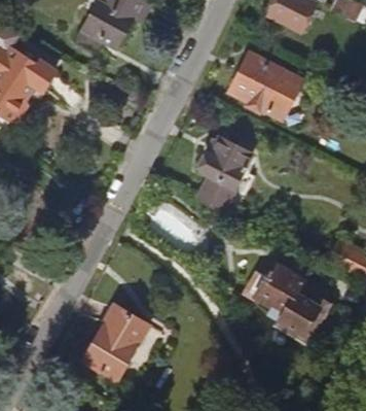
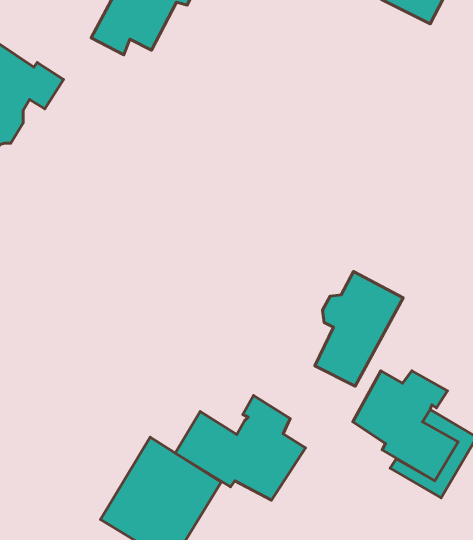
building: [228,49,302,118] -> none
building: [195,135,254,211] -> [315,271,403,386]
building: none -> [175,395,306,500]

